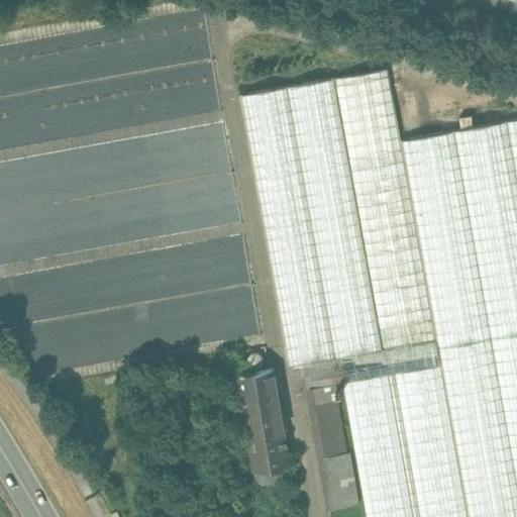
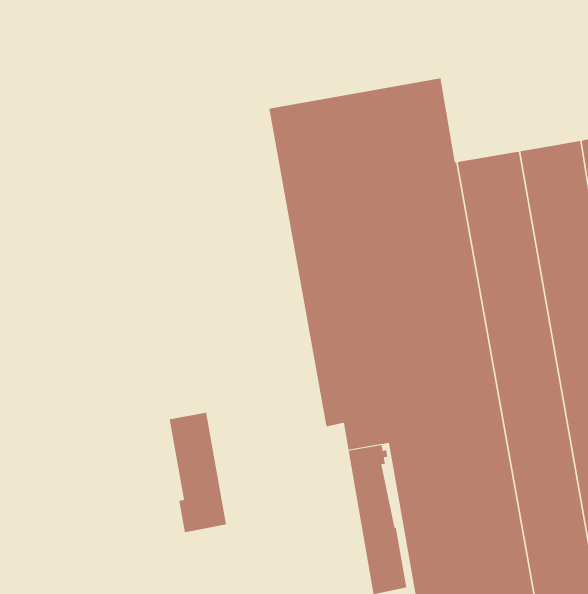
building: [241,370,291,473] -> [169,412,227,533]

